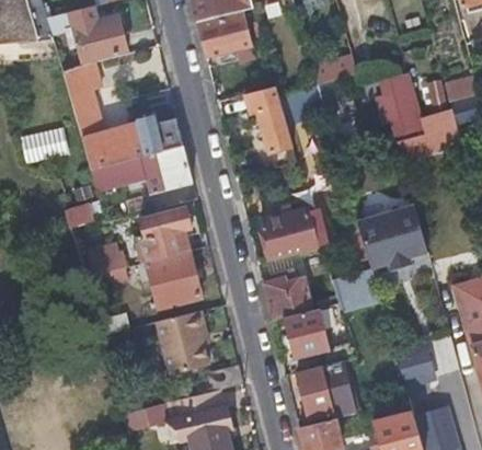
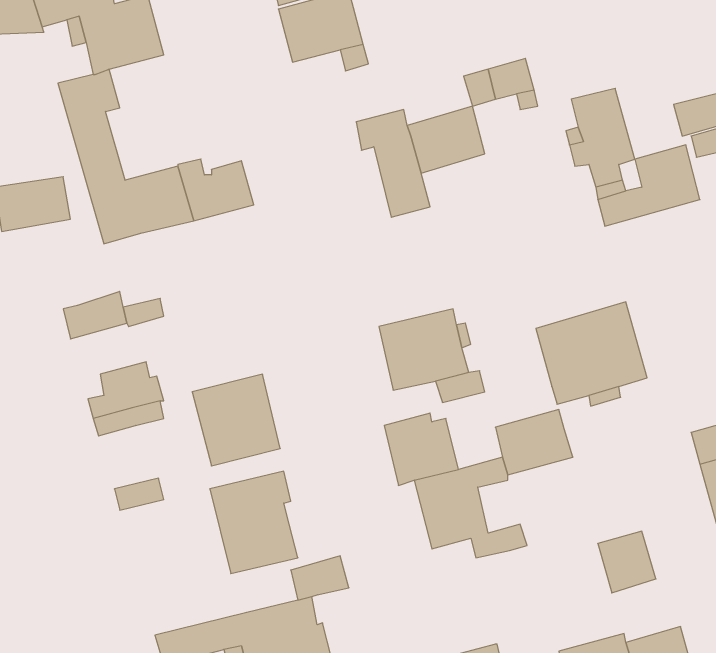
building: [90,146,192,193] -> none
building: [135,207,190,263] -> none
building: [296,360,356,418] -> none

